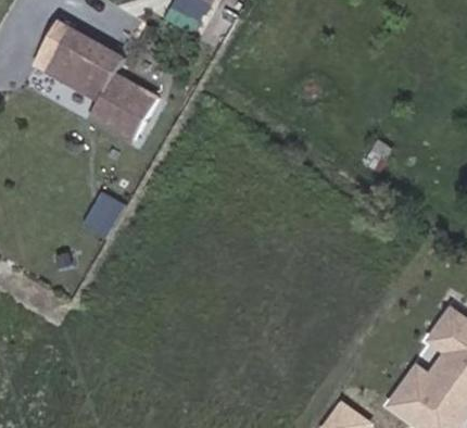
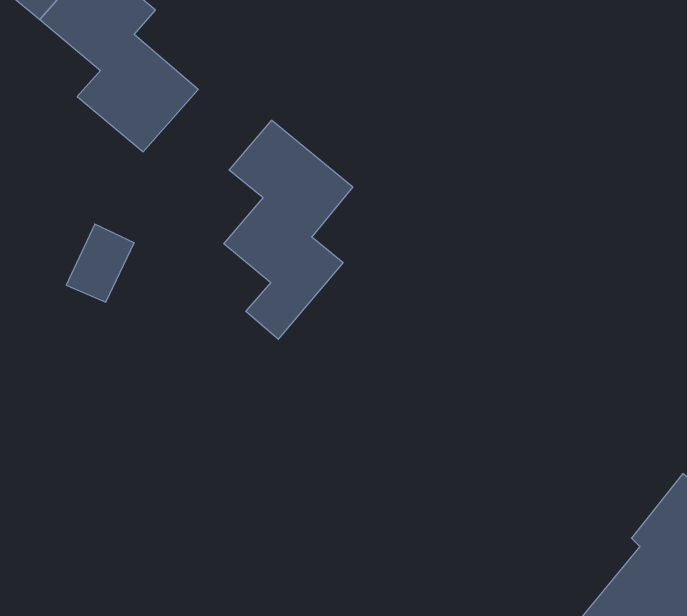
building: none -> [224,120,353,339]

